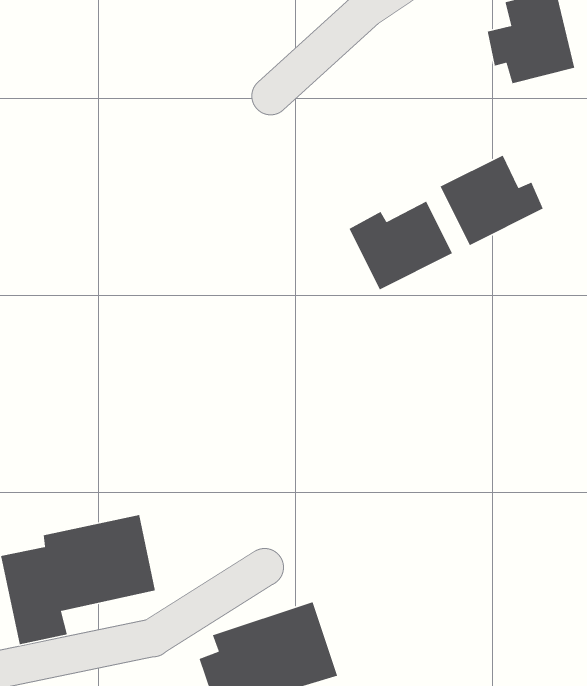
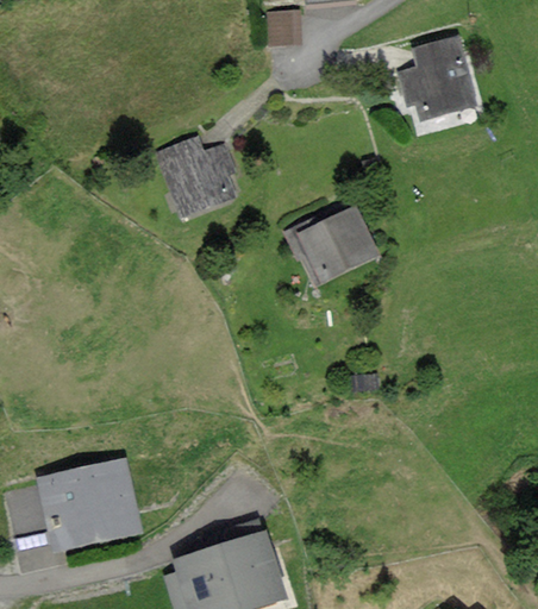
building: none -> [161,140,232,213]
building: [439,154,544,246] -> none

